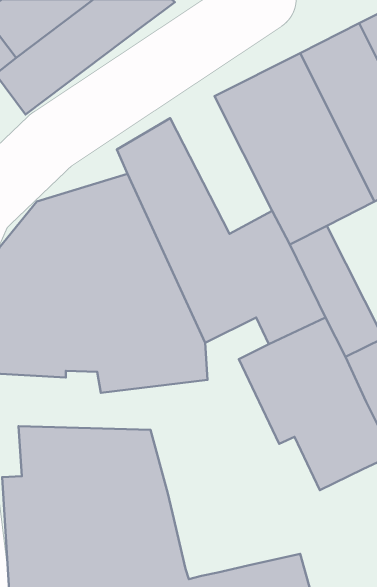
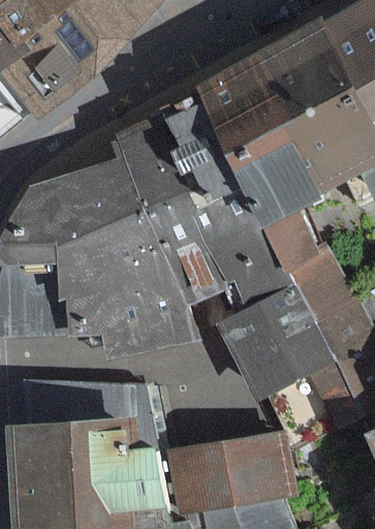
building: none -> [160,87,251,210]
building: none -> [162,431,294,518]

